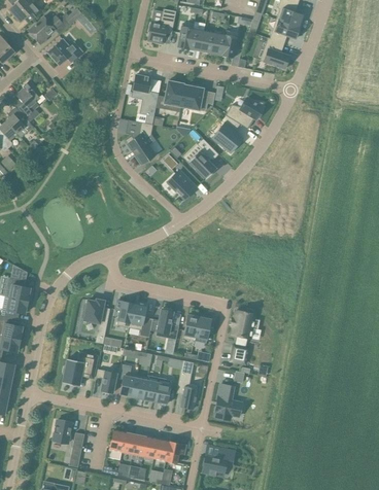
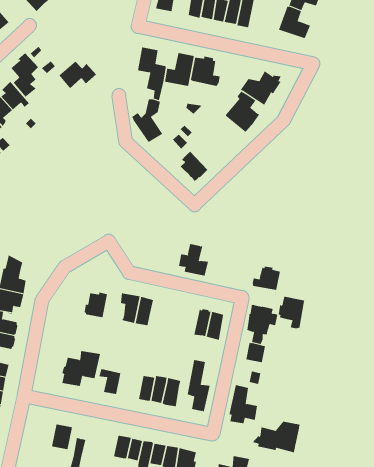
building: [47,39,82,65] -> [58,61,97,89]
building: [188,138,218,179] -> none
building: none -> [252,266,280,295]
building: none -> [278,296,310,329]
building: [150,309,178,339] -> [178,244,209,276]
building: [117,363,136,396] -> none
building: none -> [252,421,301,453]

